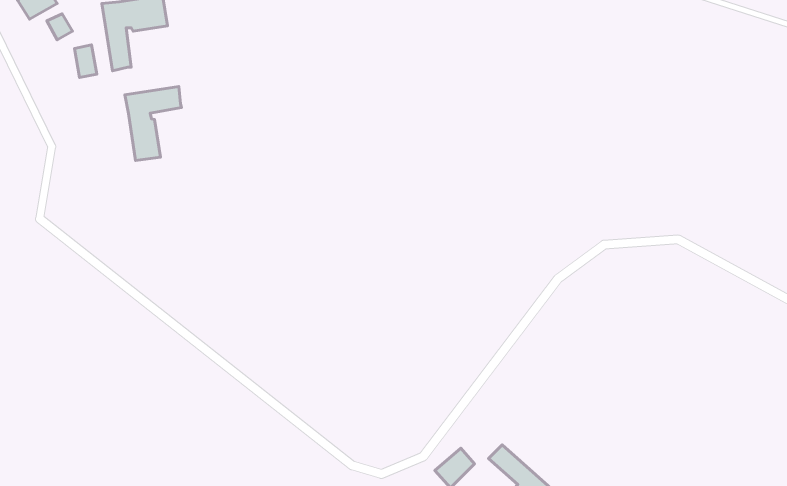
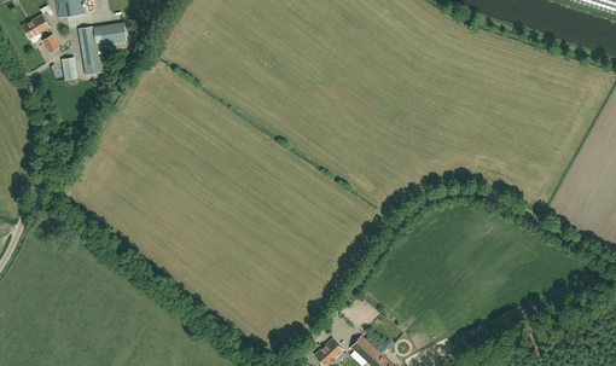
building: [125,87,182,161] -> none

